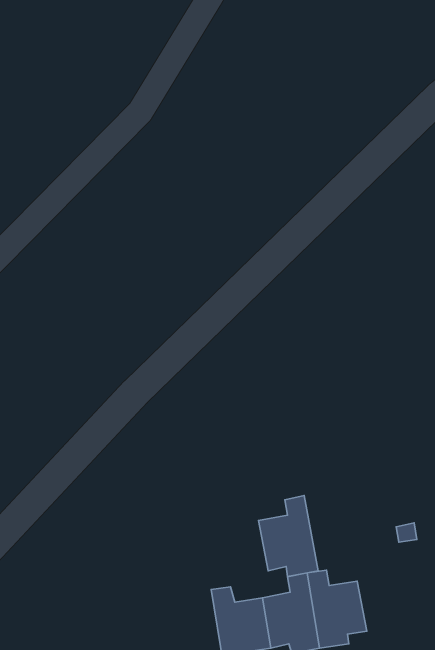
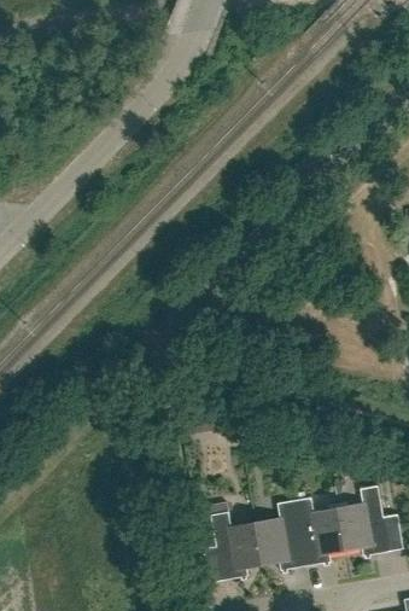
building: [258,496,318,576] -> [338,485,390,555]

